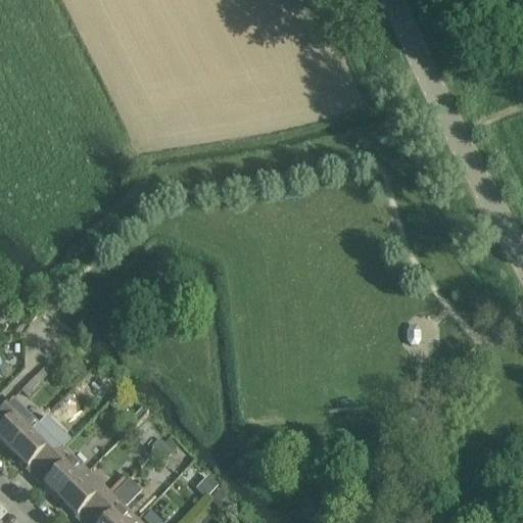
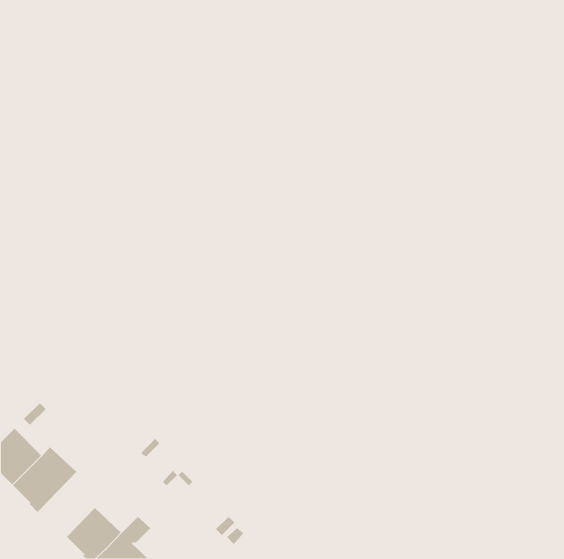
building: [35,445,88,497] -> none

